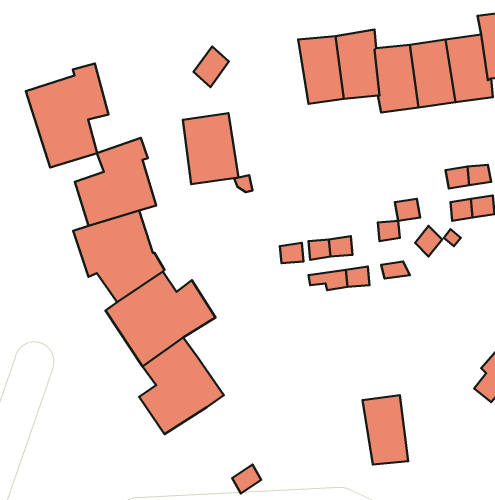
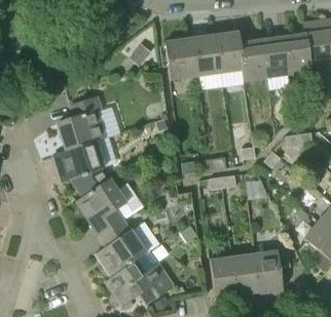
building: [26,63,109,168] -> none
building: [183,113,239,184] -> [166,37,199,80]
building: none -> [255,249,291,292]
building: none -> [210,255,238,298]
building: none -> [105,260,173,305]

